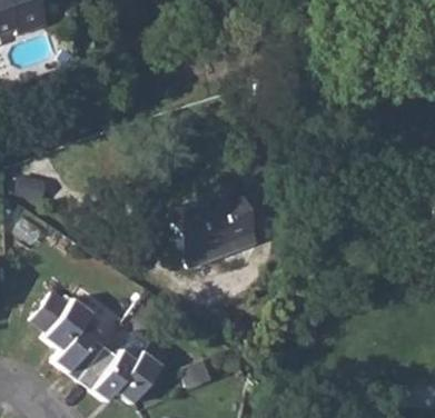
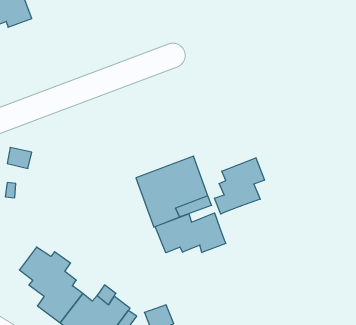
building: none -> [215,158,264,214]
building: none -> [155,213,226,253]

